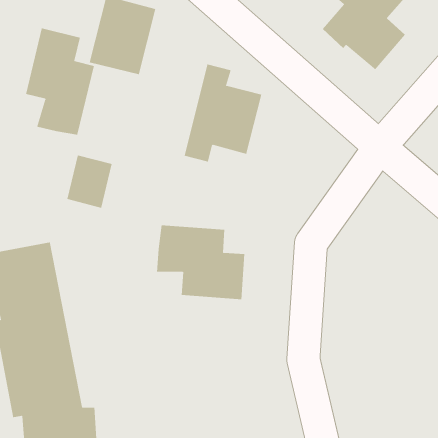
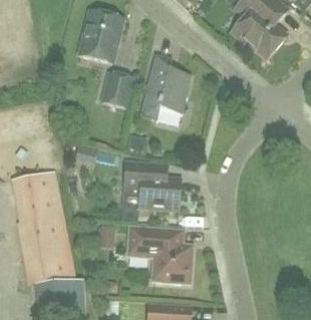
building: [25,28,94,136] -> none
building: [67,155,113,208] -> [102,71,132,106]
building: none -> [127,226,192,282]

